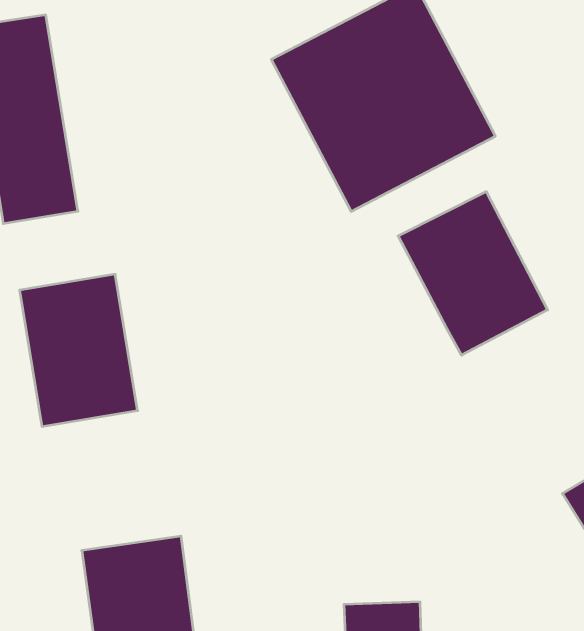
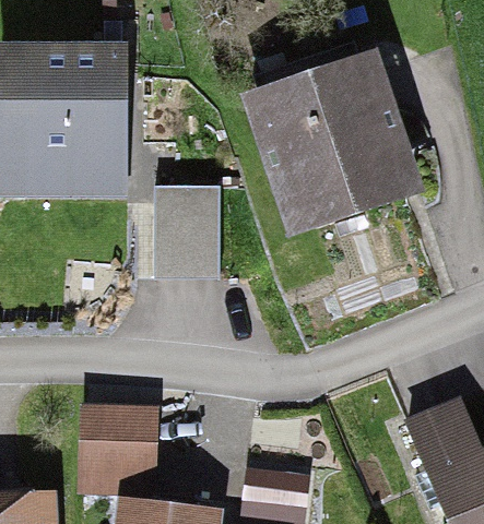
building: [398,192,548,355] -> none
building: [20,274,138,426] -> [155,184,220,276]

